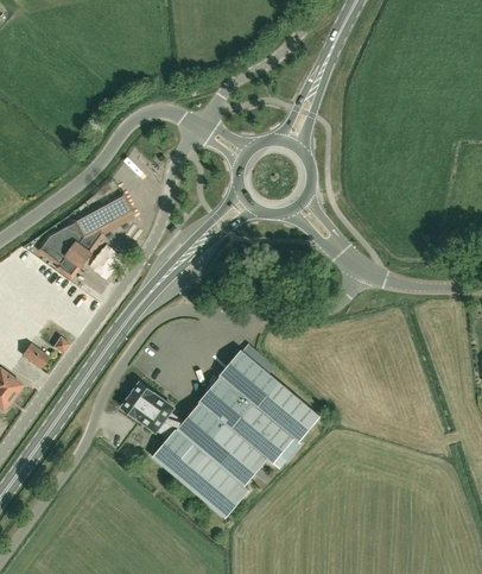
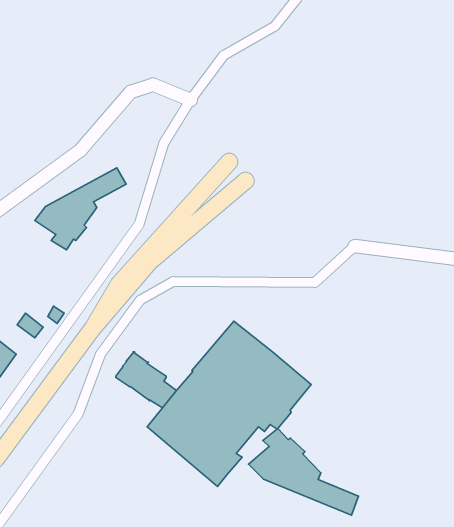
building: none -> [249,428,359,515]

